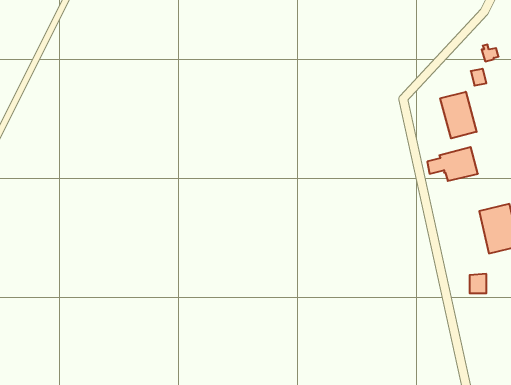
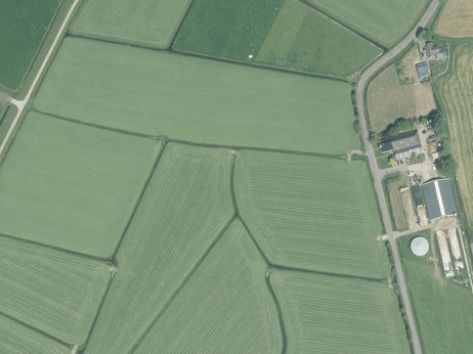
building: [440,92,477,138] -> none

